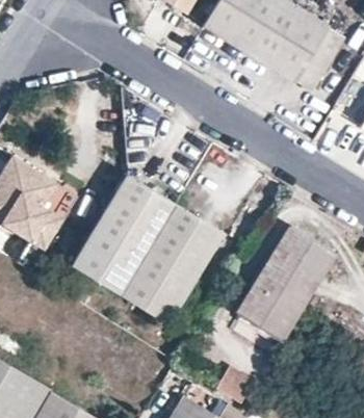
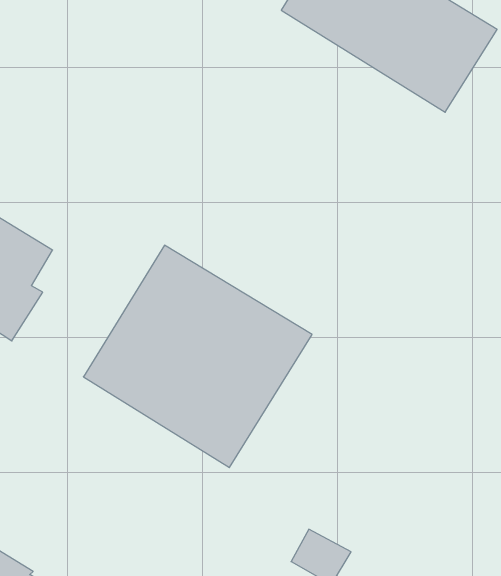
building: [32,182,79,247] -> none
building: [236,221,333,334] -> none

